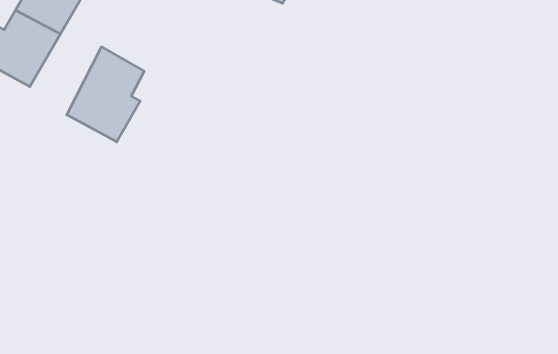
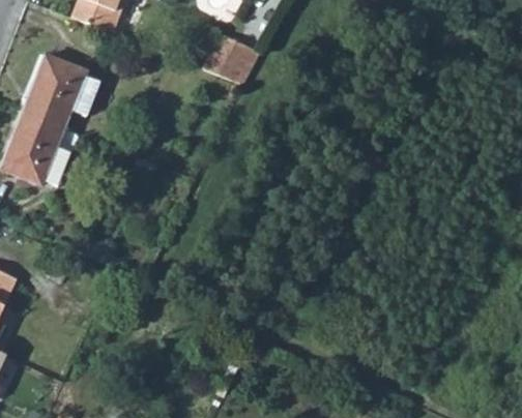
building: [67,47,144,142] -> none

